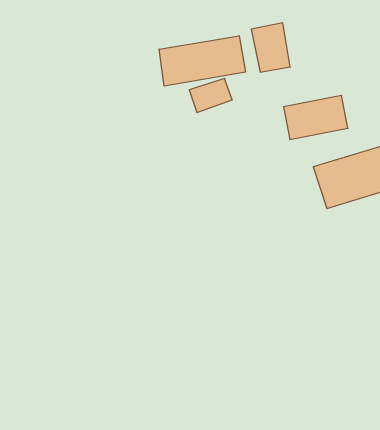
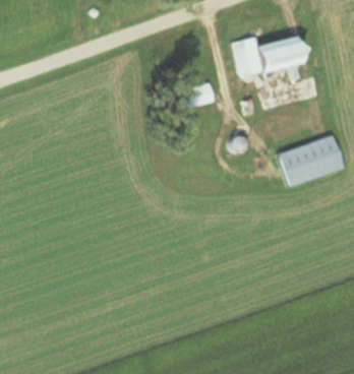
building: [159,36,245,86] -> none
building: [284,95,348,140] -> [261,36,313,71]

